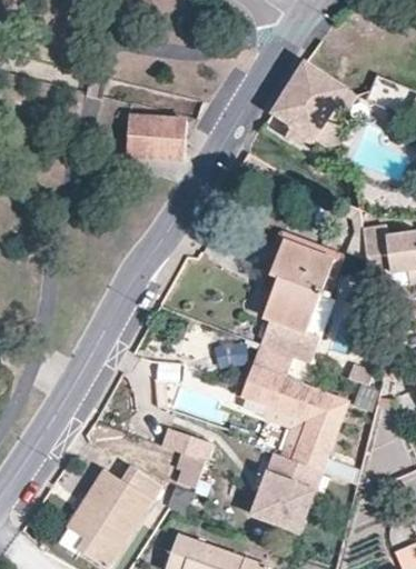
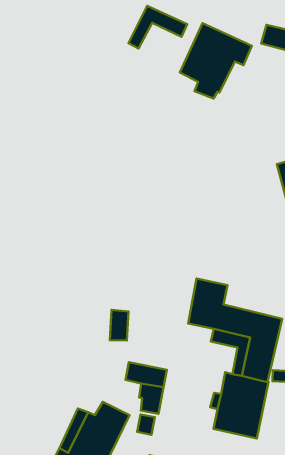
building: none -> [129,6,187,49]
building: [126,116,185,154] -> none
building: [258,240,333,365] -> none

